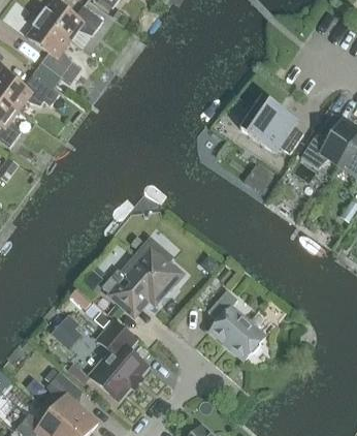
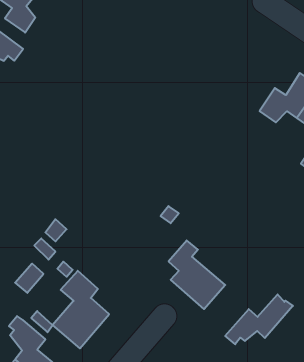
building: [239,95,302,153] -> none
building: [101,237,184,313] -> none
building: none -> [225,294,293,344]

